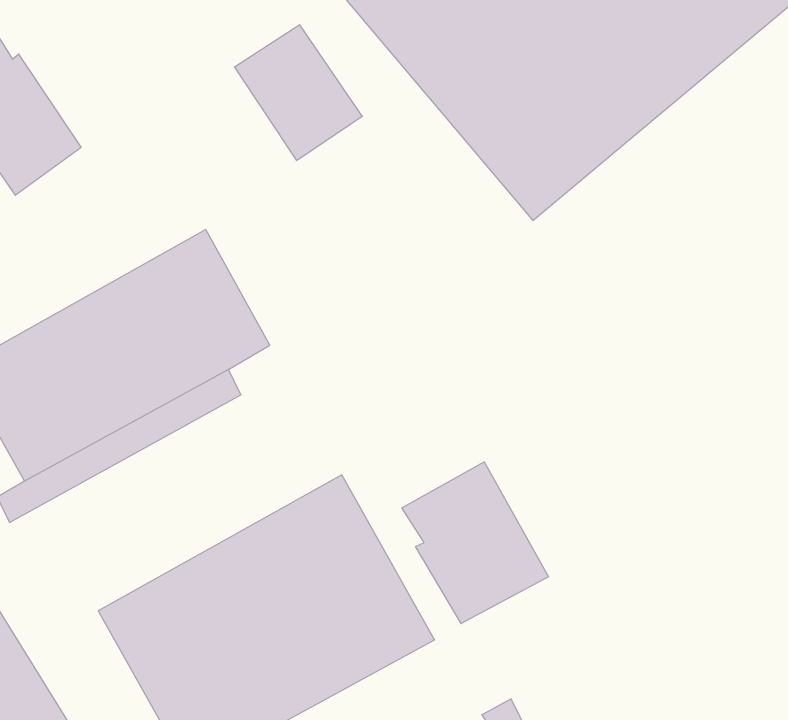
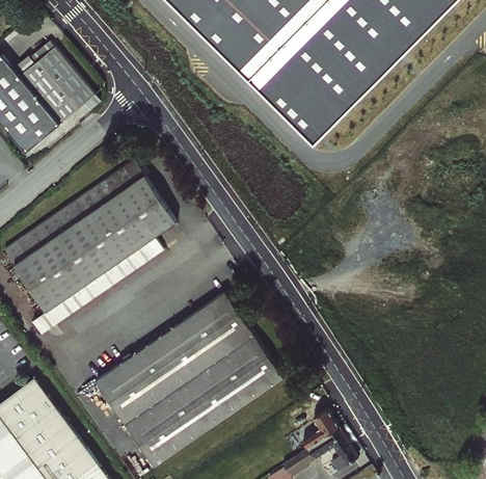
building: [234,25,362,160] -> [20,47,93,123]
building: [402,462,548,624] -> none

